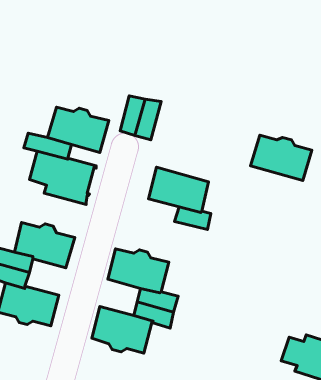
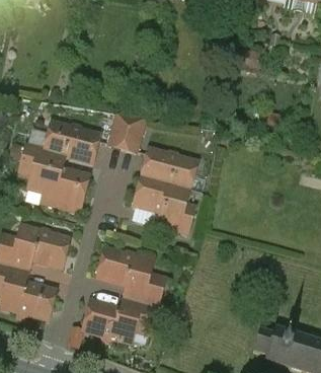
building: [251,135,312,181] -> [141,148,195,189]

